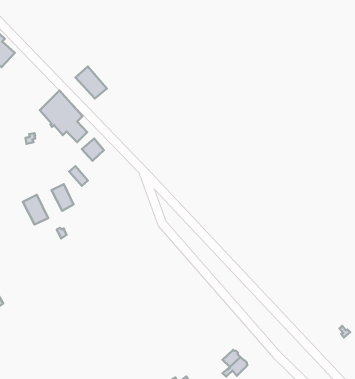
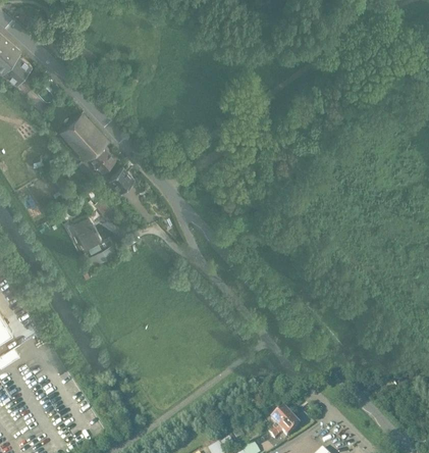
building: [75,66,107,99] -> none
building: [23,195,48,225] -> none

